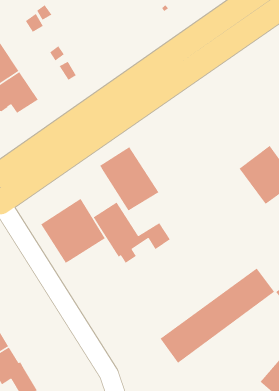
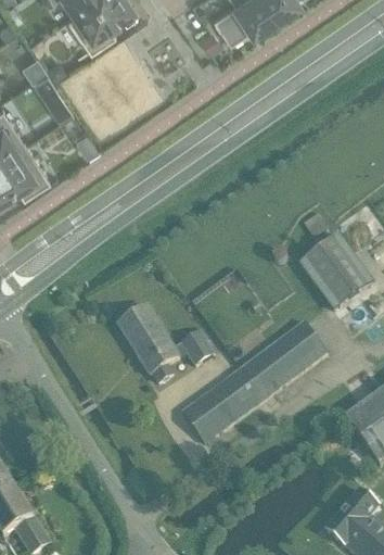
building: [99,146,159,211] -> none
building: [40,198,106,264] -> none
building: [160,267,275,364] -> [180,321,324,442]

